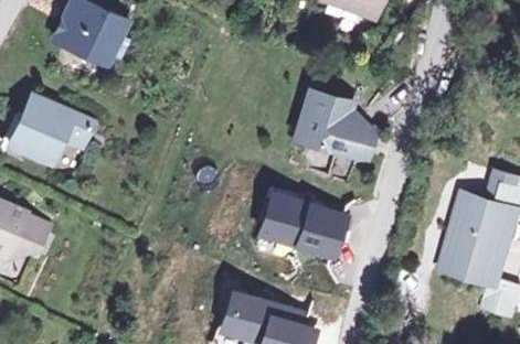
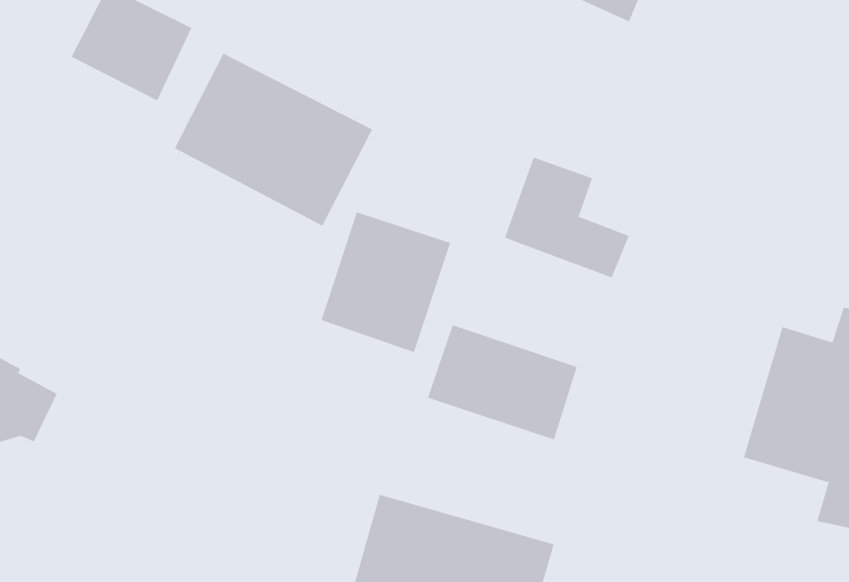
building: none -> [174,53,373,226]
building: [21,101,82,168] -> none
building: none -> [321,212,451,353]

